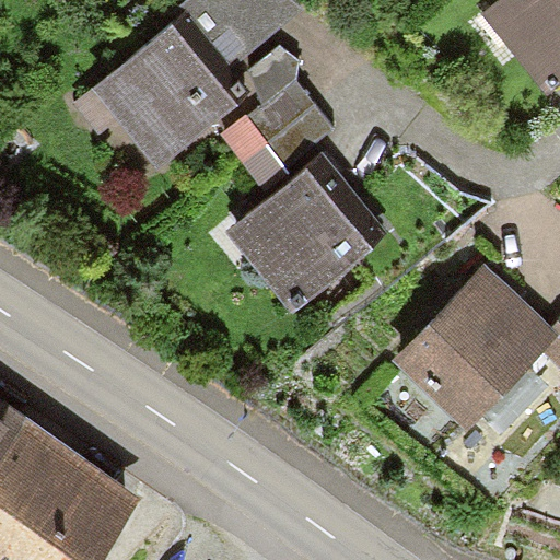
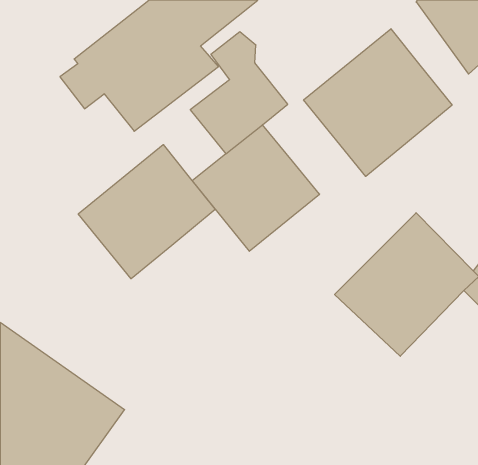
building: none -> [304,29,452,176]
building: none -> [78,145,215,279]

